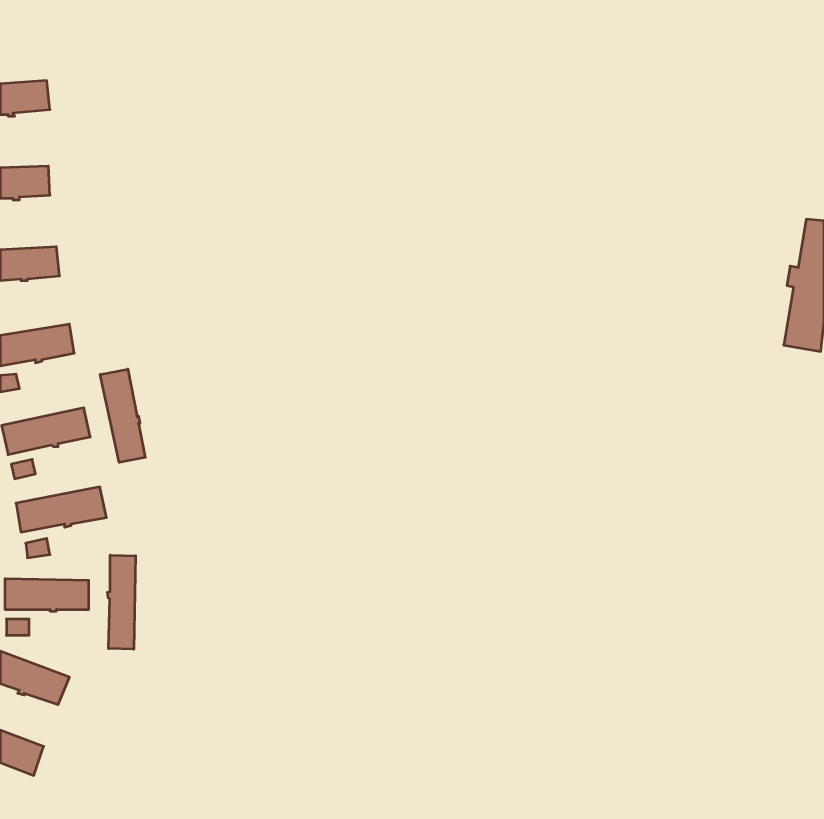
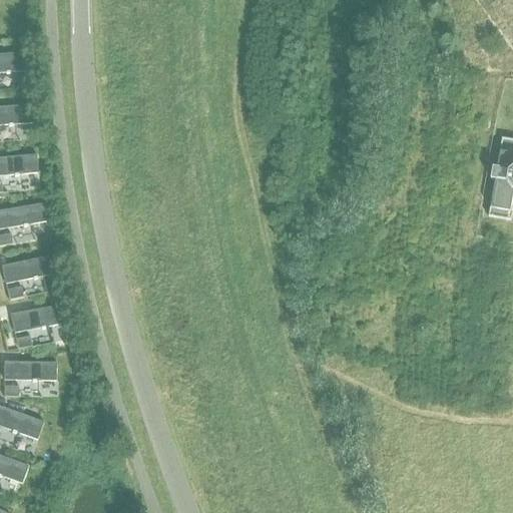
building: [100,369,145,462] -> none
building: [107,555,136,649] -> none

